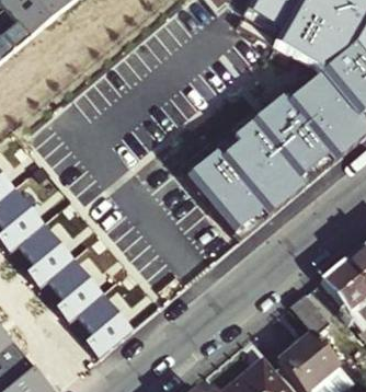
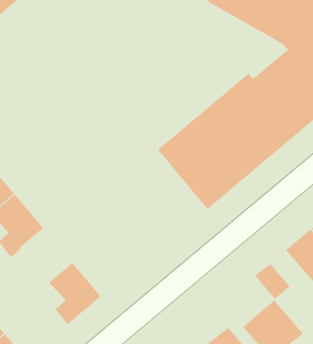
building: [48,255,102,321] -> none

